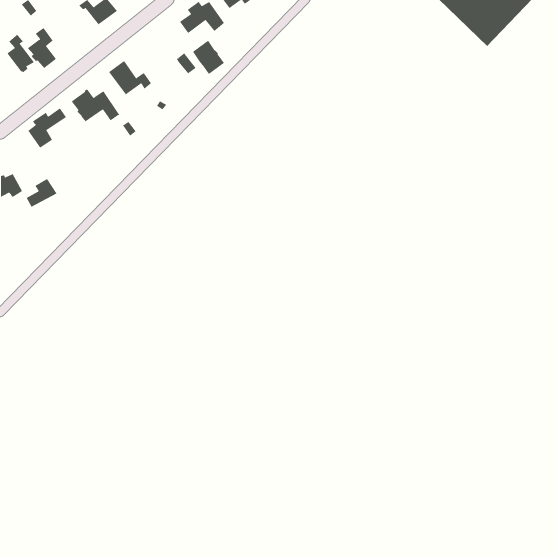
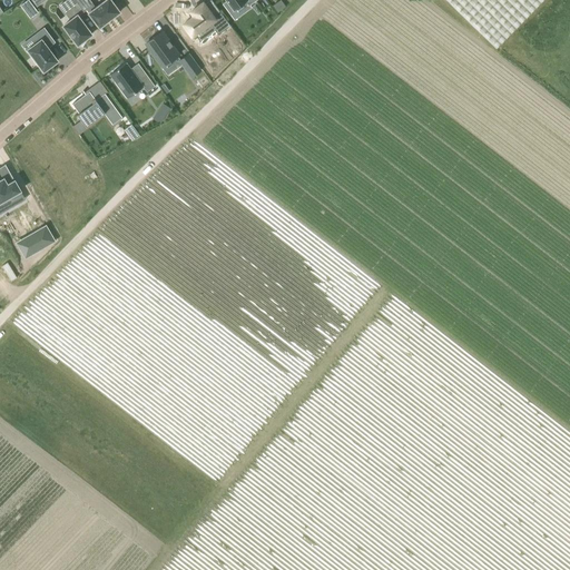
building: [6,34,35,73] -> [63,4,92,45]
building: [192,40,225,75] -> [146,30,179,66]
building: [28,107,67,148] -> none
building: [26,178,57,208] -> [23,224,56,254]

